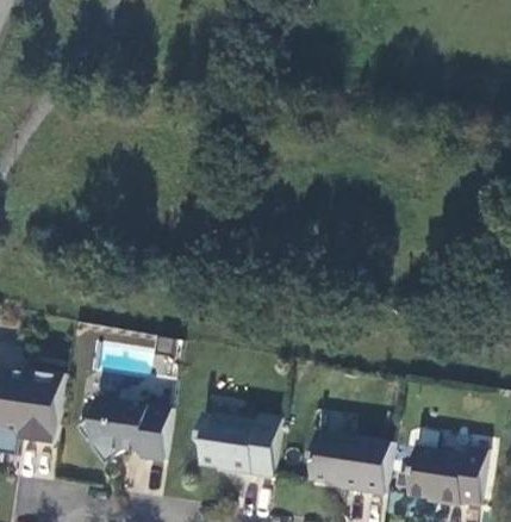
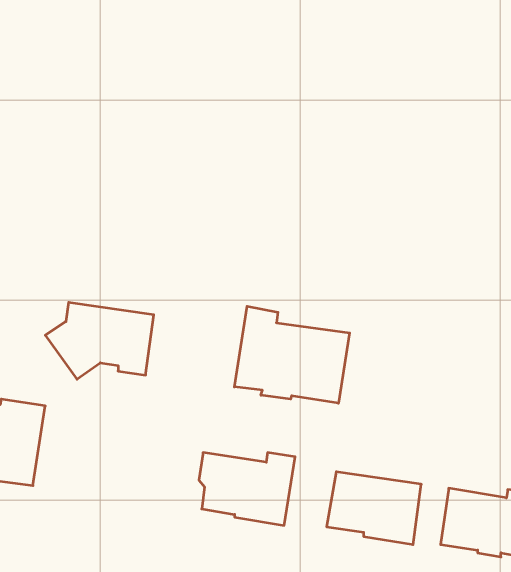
building: none -> [234,306,350,403]
building: [75,397,169,464] -> [45,302,154,379]

